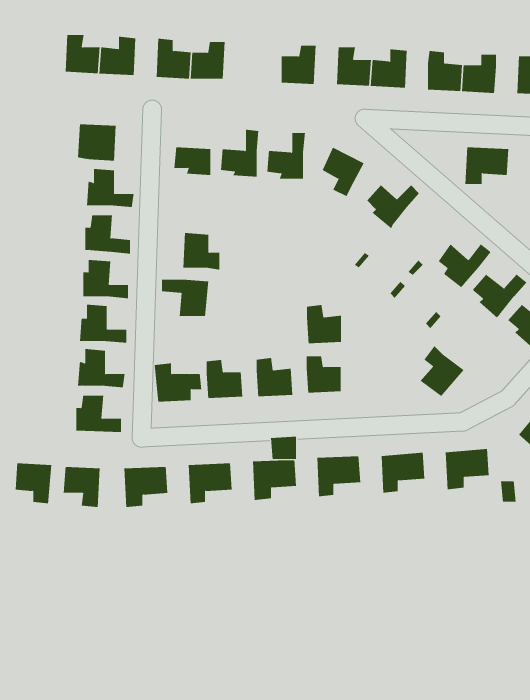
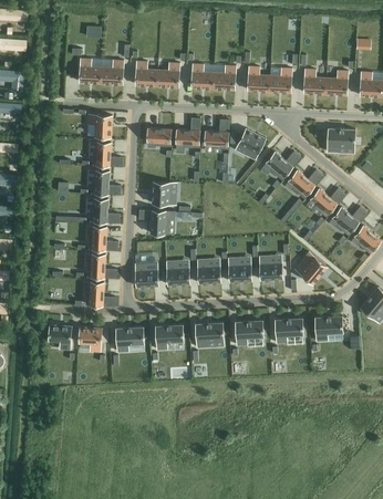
building: none -> [192,64,214,89]
building: none -> [289,169,322,198]
building: [306,305,342,344] -> [260,256,282,280]

